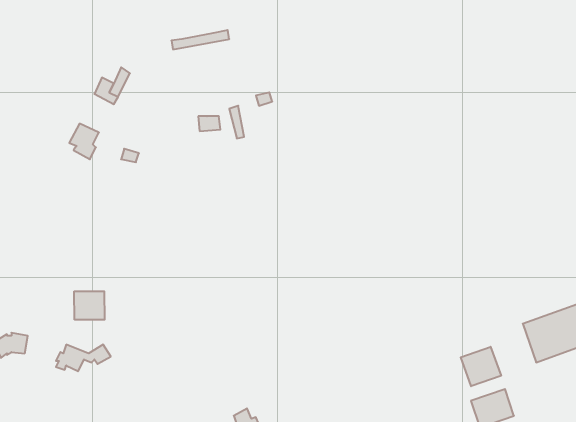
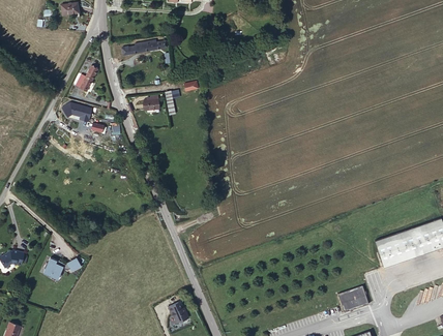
building: [74,291,105,320] -> none
building: [461,347,501,386] -> none

